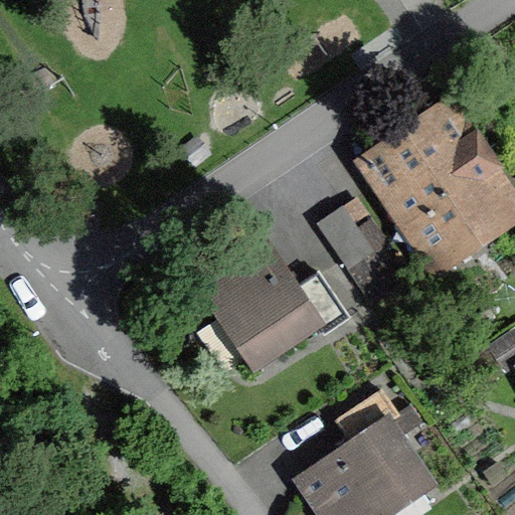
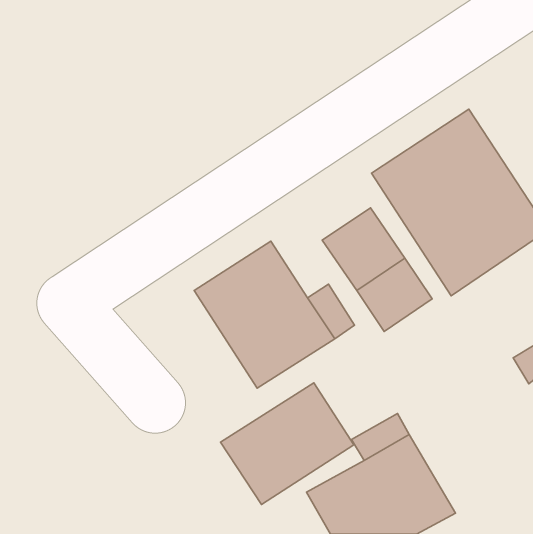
building: none -> [220,383,354,505]

